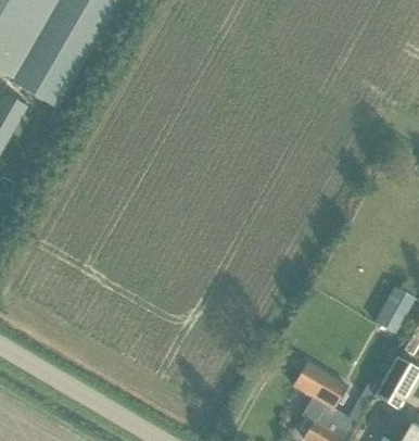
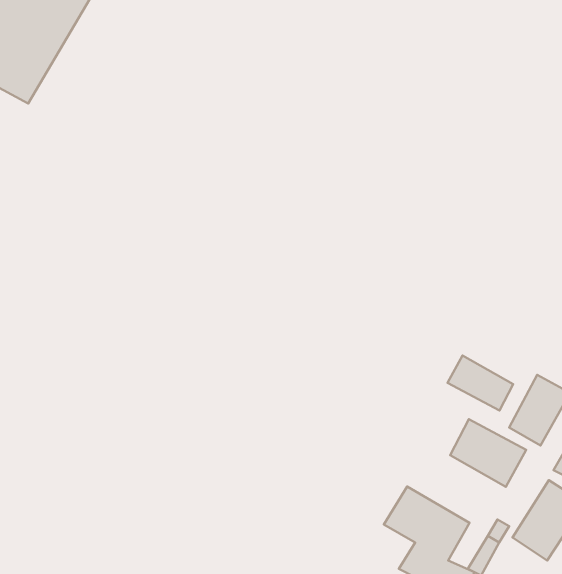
building: none -> [448,355,513,411]
building: none -> [450,419,526,487]

